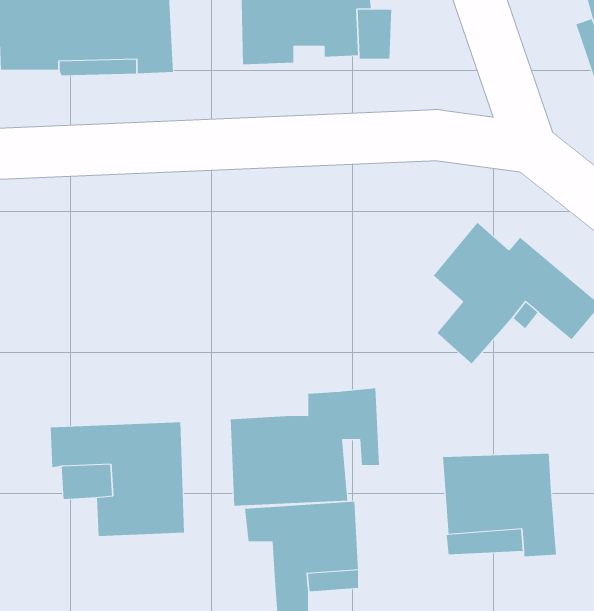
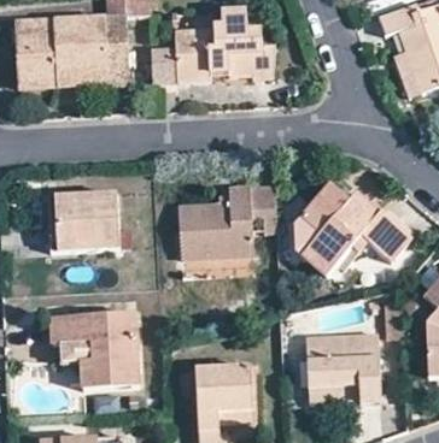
building: none -> [55,191,119,250]
building: [230,388,380,506] -> [177,183,275,260]

